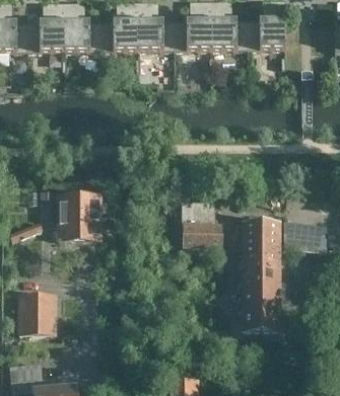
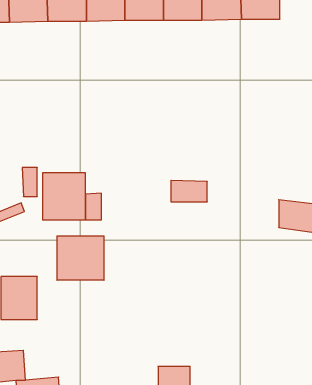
building: [242,219,279,327] -> none
building: [186,223,225,242] -> none
building: none -> [57,236,104,280]

